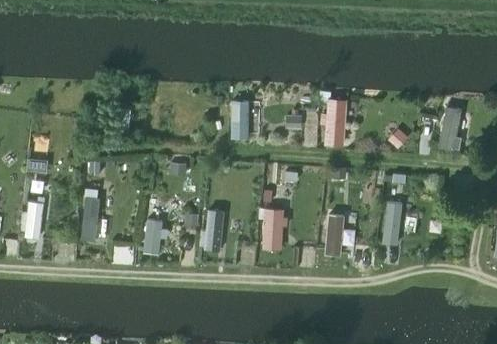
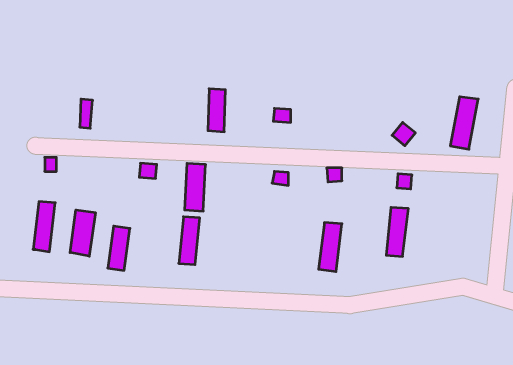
building: [326,98,345,147] -> none
building: none -> [70,210,95,256]
building: [264,208,282,249] -> [185,163,206,211]

